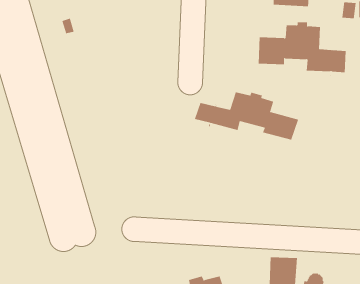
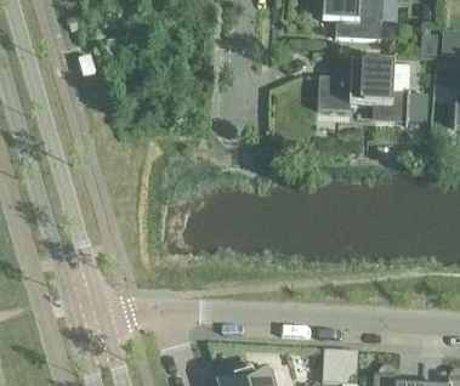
building: [194,92,299,141] -> none

